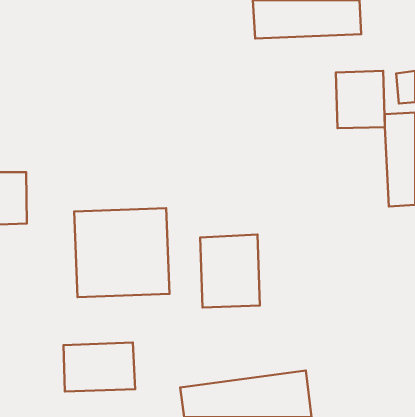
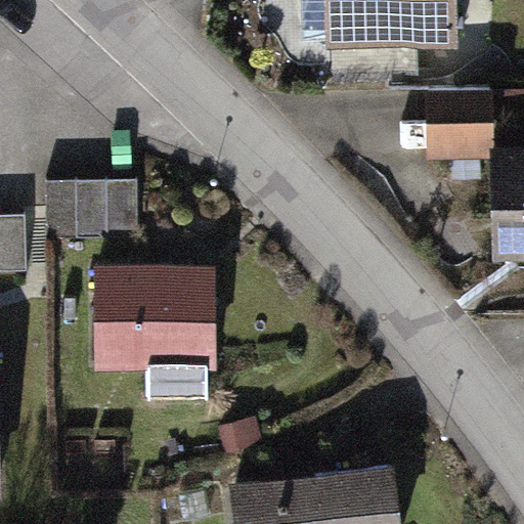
building: none -> [48,178,143,242]
building: [200,235,260,307] -> none
building: [63,343,135,392] -> none

